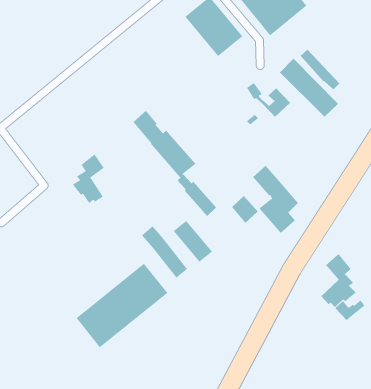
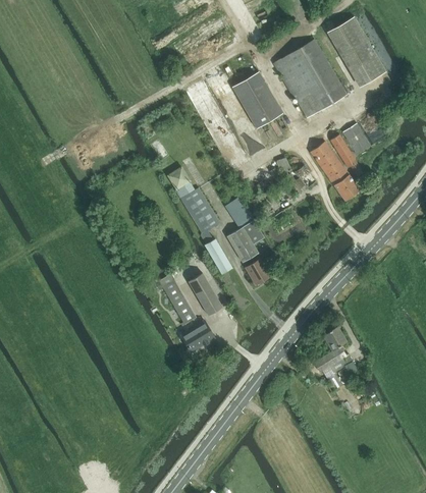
building: none -> [342,123,370,154]
building: [72,154,104,204] -> none
building: [252,165,299,234] -> [225,197,264,262]
building: [76,263,168,348] -> none
building: none -> [180,321,215,351]

